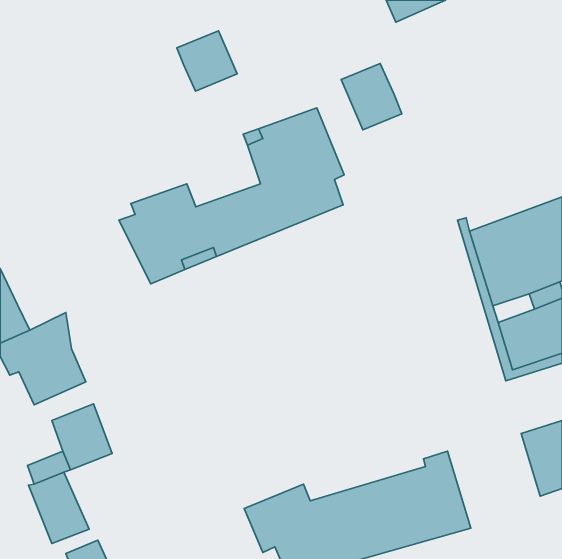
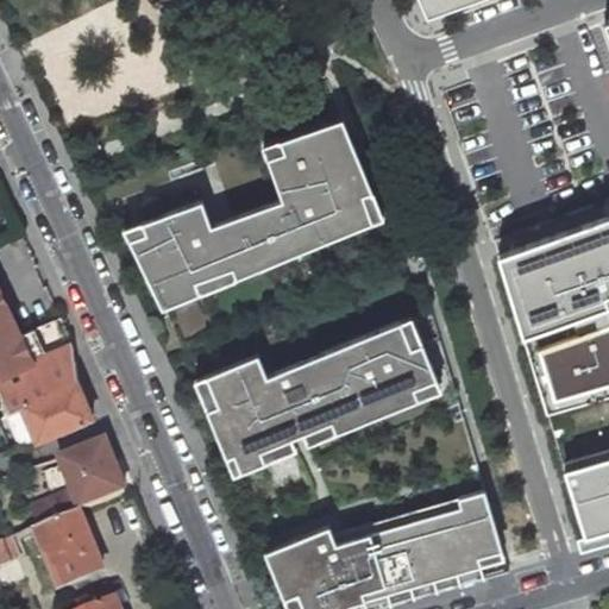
building: [177,31,237,91] -> none
building: [341,64,402,130] -> none
building: none -> [206,322,438,473]

